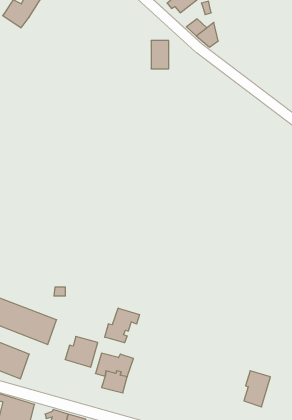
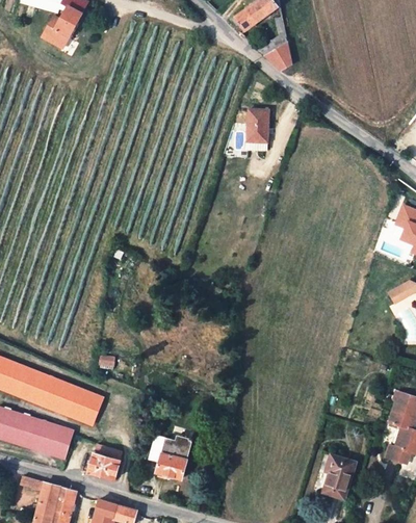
building: [151,41,169,69] -> [244,111,265,145]
building: [105,308,140,343] -> none
building: [65,336,98,367] -> [81,443,120,479]

